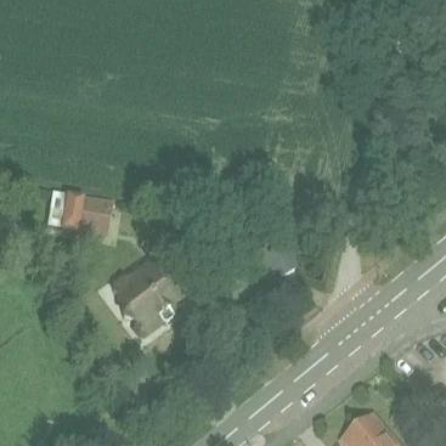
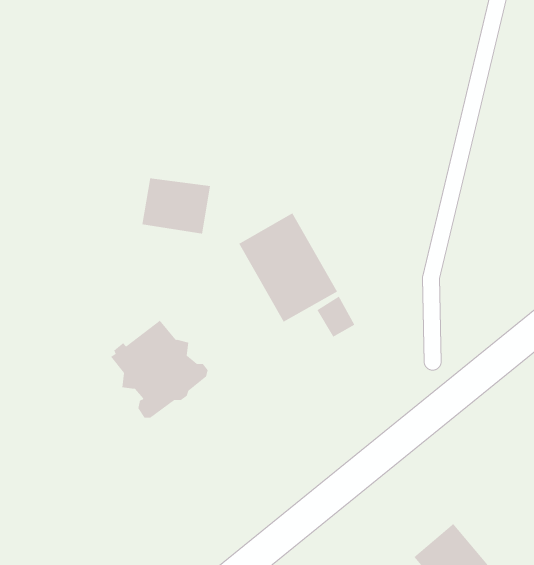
building: none -> [238,212,338,323]
building: [60,192,112,235] -> [141,178,211,234]

